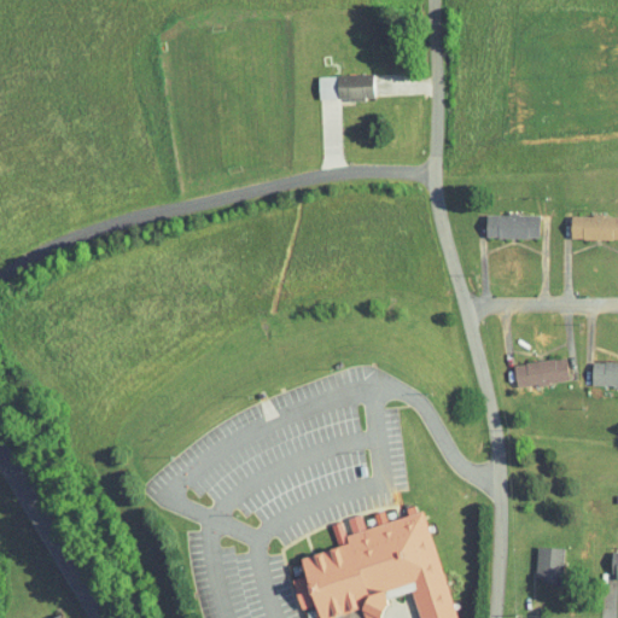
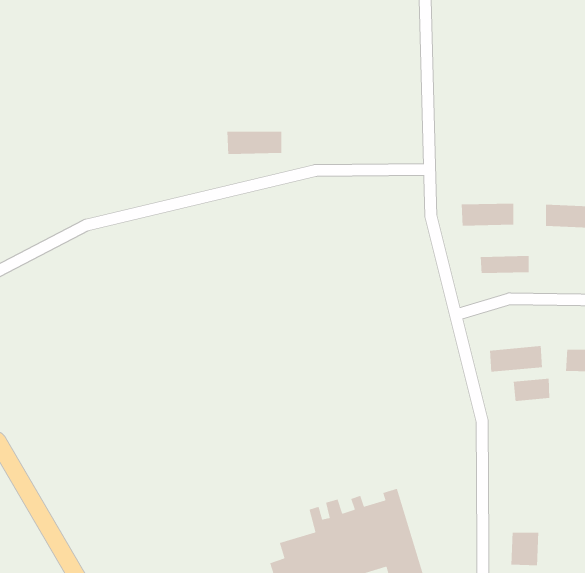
building: [317,76,374,100] -> [226,131,282,155]
building: none -> [480,255,530,274]
building: none -> [513,378,550,402]

